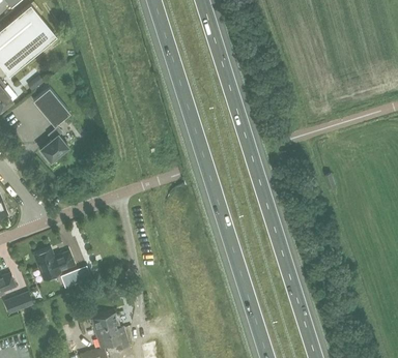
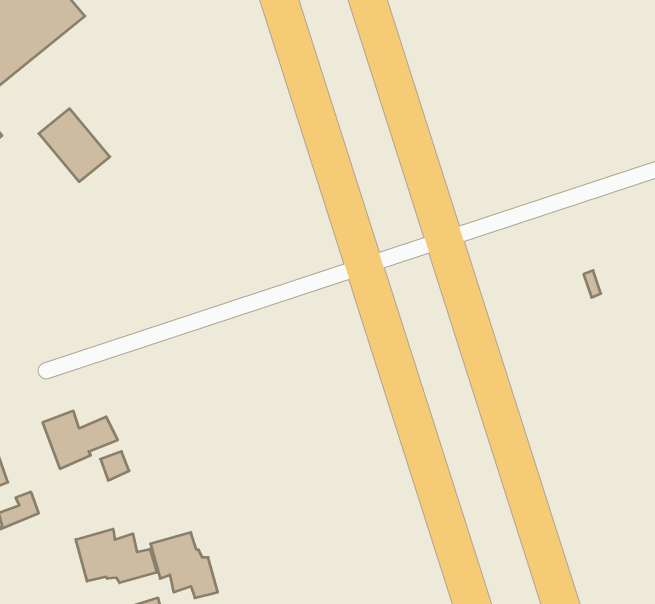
building: [40,128,67,162] -> none
building: none -> [76,529,157,583]

